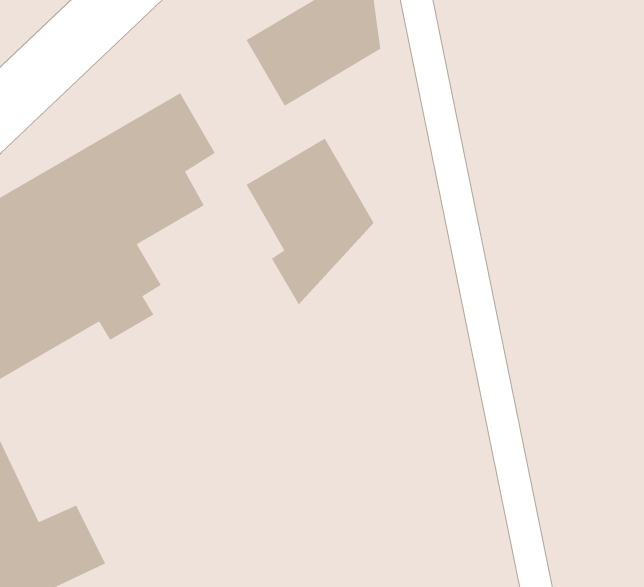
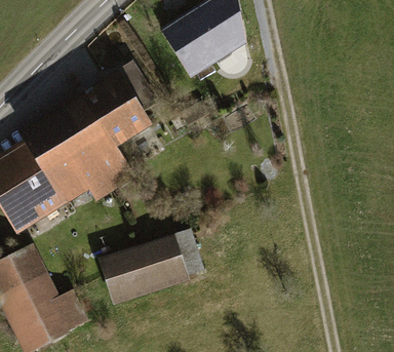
building: [245,138,374,305] -> none
building: none -> [99,229,204,304]

